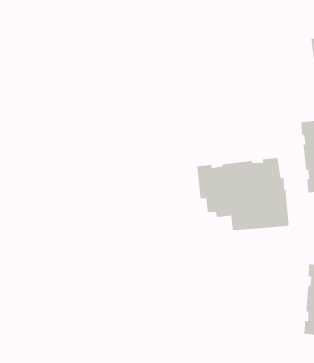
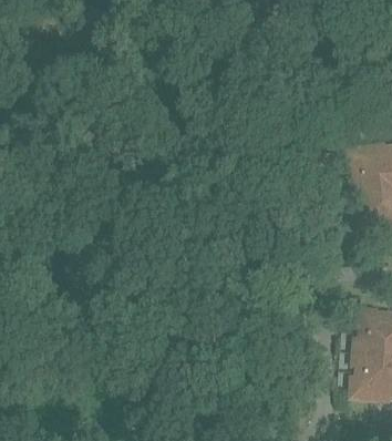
building: [196,157,290,231] -> none

